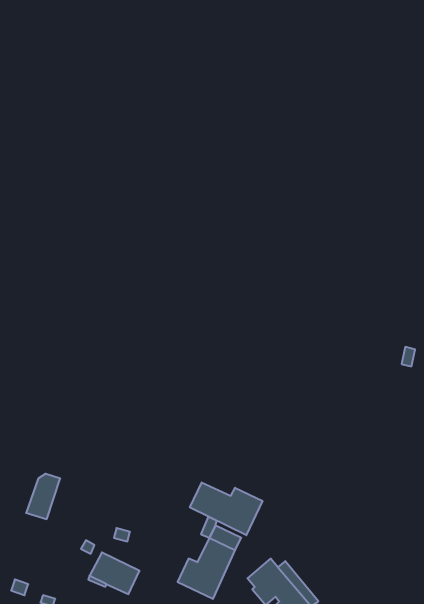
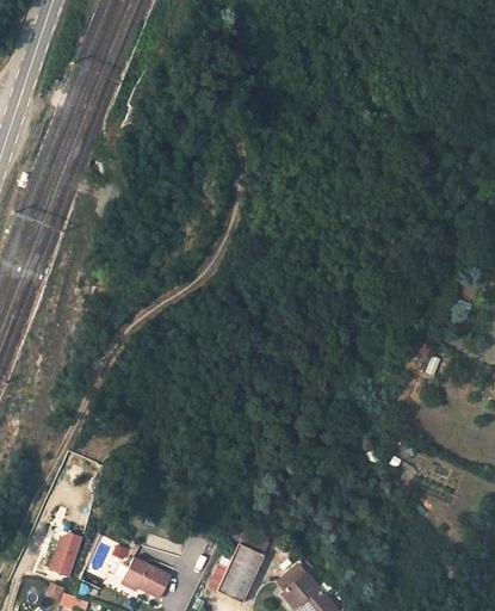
building: [26,474,60,519] -> [48,532,81,576]
building: [190,482,262,535] -> none

